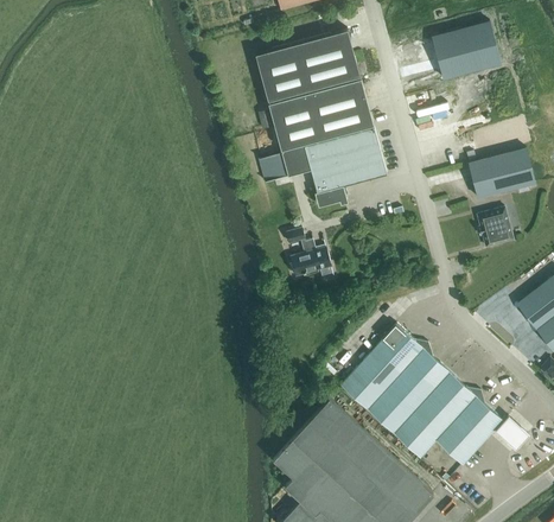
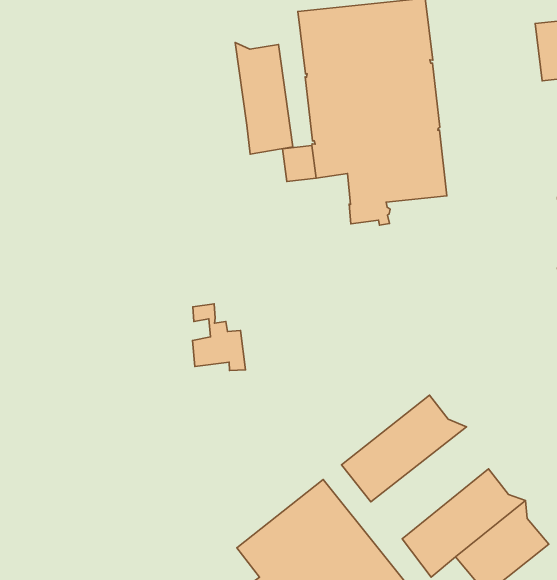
building: none -> [235,42,293,154]
building: [287,228,333,276] -> [192,304,246,370]
building: [367,343,450,433] -> none

